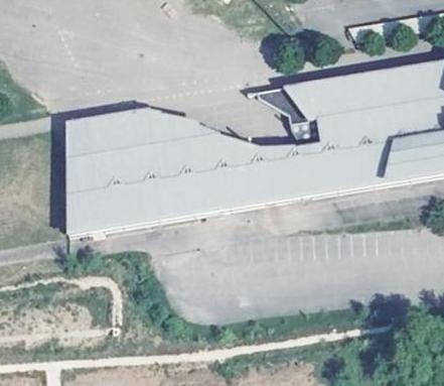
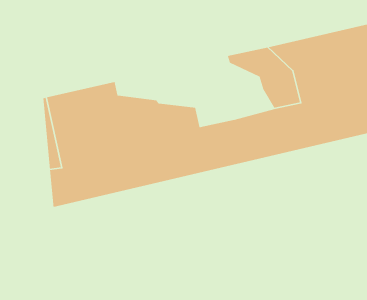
building: [142,109,261,161] -> none

